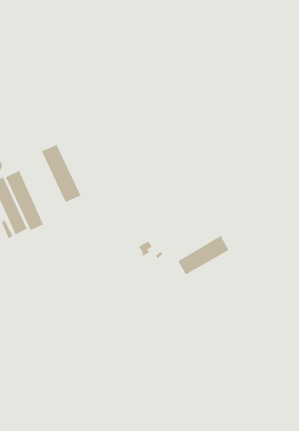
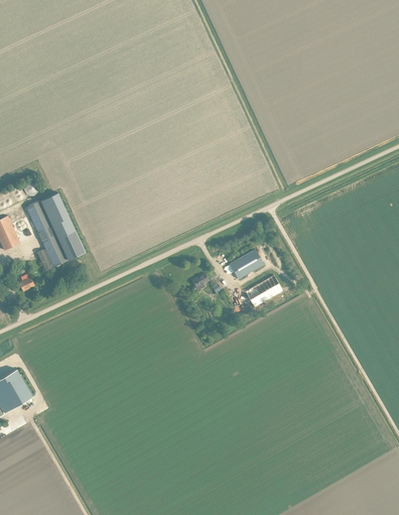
building: [41,144,81,203] -> none
building: none -> [230,250,264,279]

